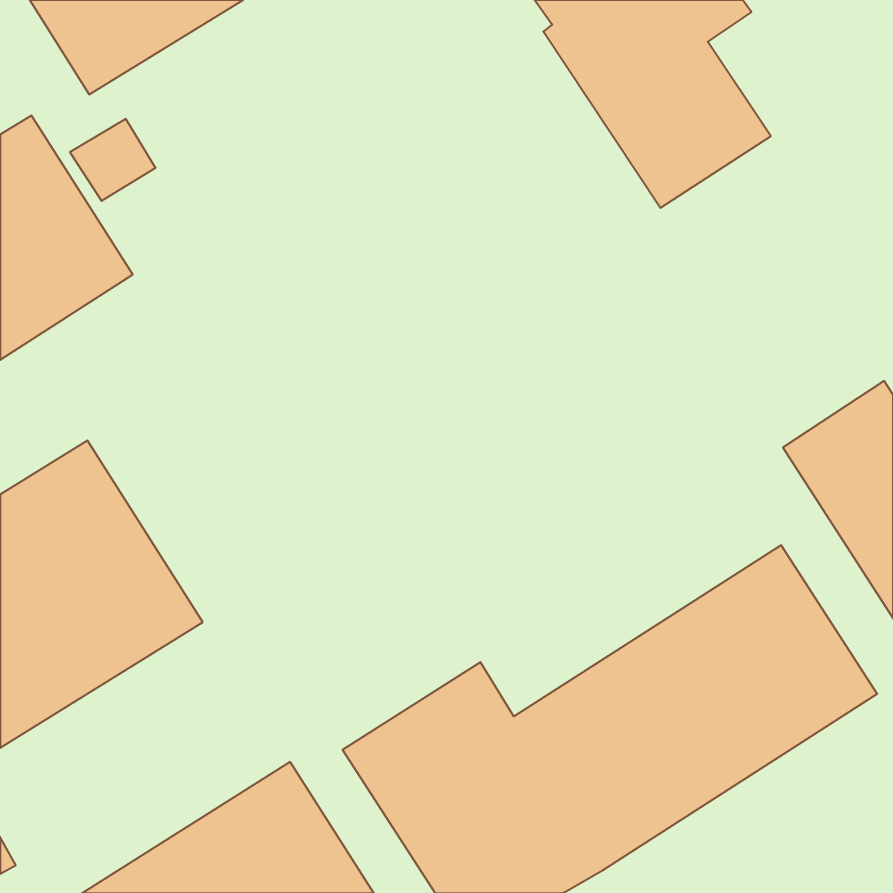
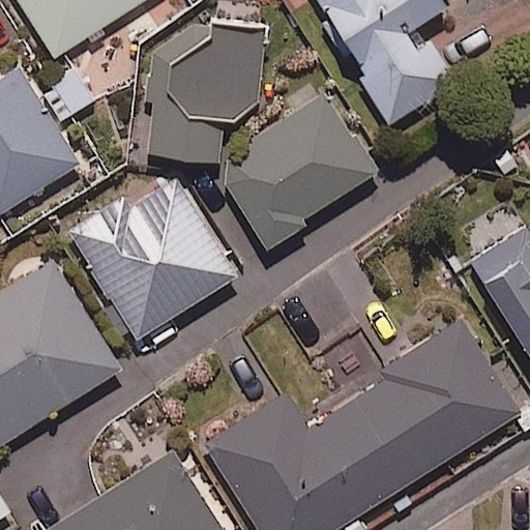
building: none -> [148,24,265,160]
building: none -> [219,90,378,251]
building: none -> [67,175,237,338]

